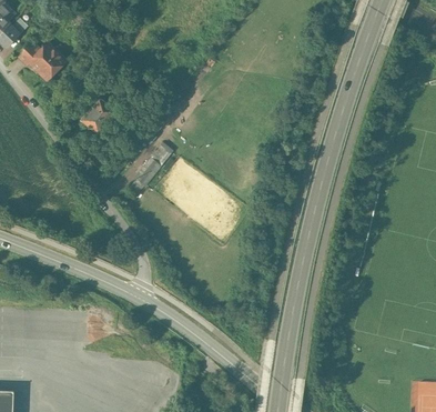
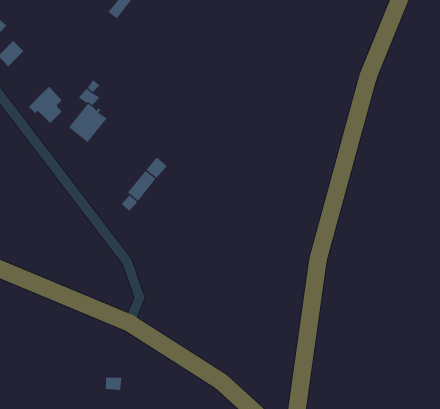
building: [28,44,59,79] -> [28,86,62,124]

